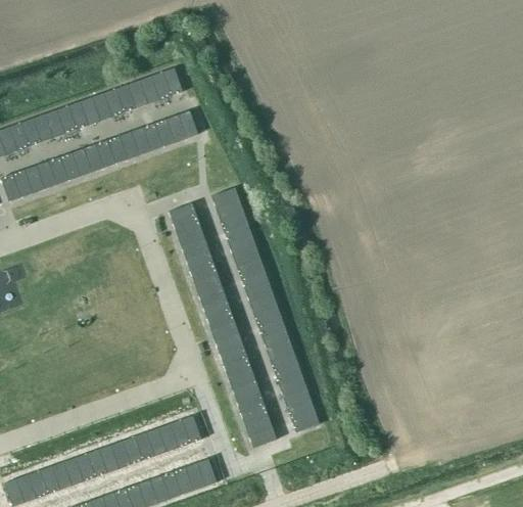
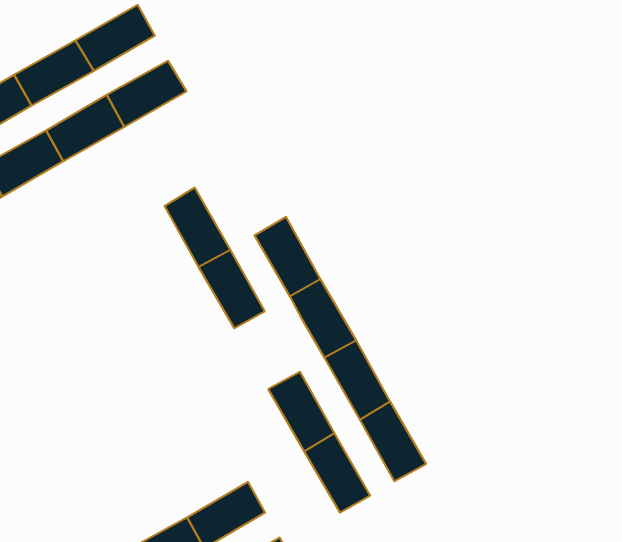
building: [210,187,251,243] -> none
building: [201,297,242,353] -> none

